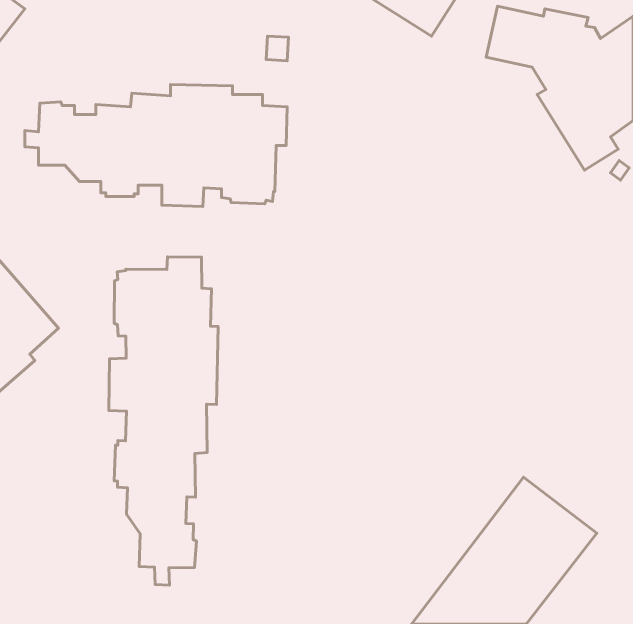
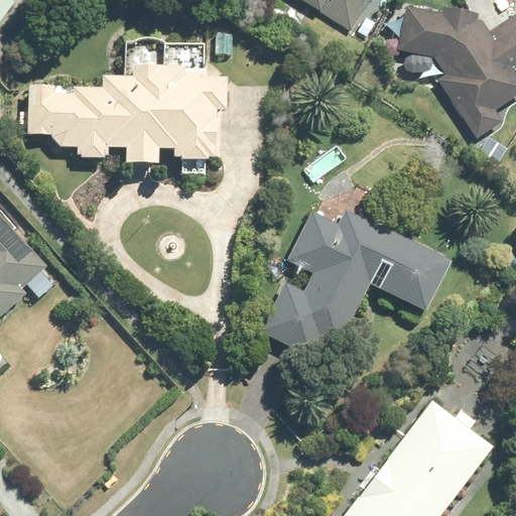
building: [109,257,218,585] -> none
building: none -> [264,209,456,355]

